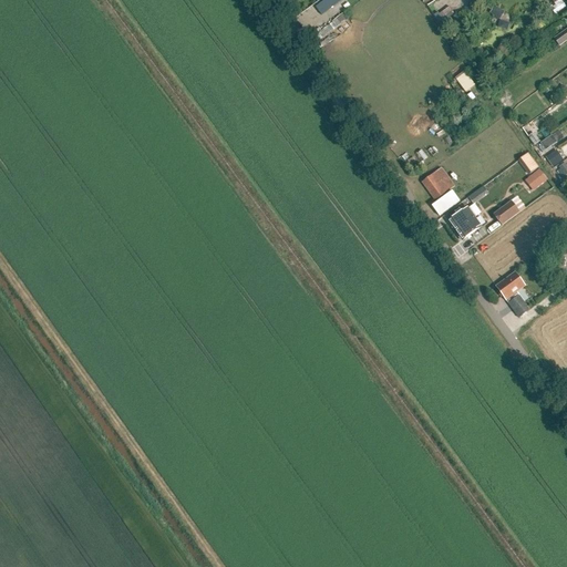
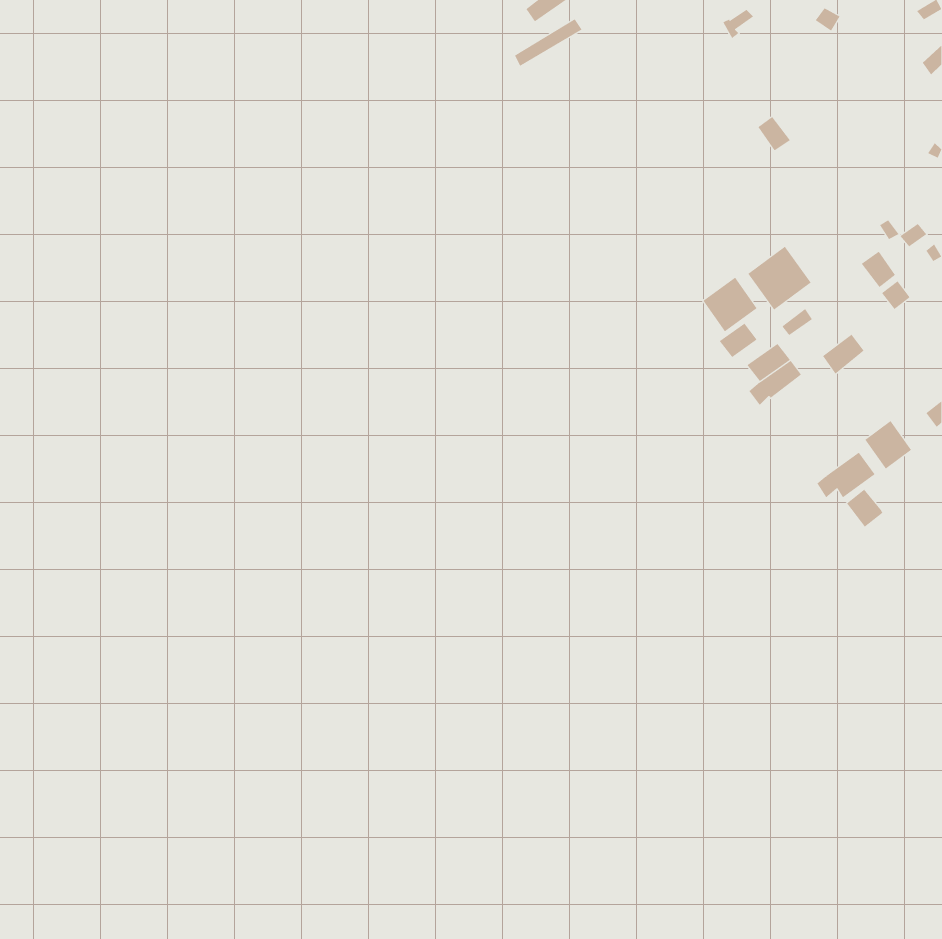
building: none -> [747,246,812,311]
building: none -> [864,420,912,469]

